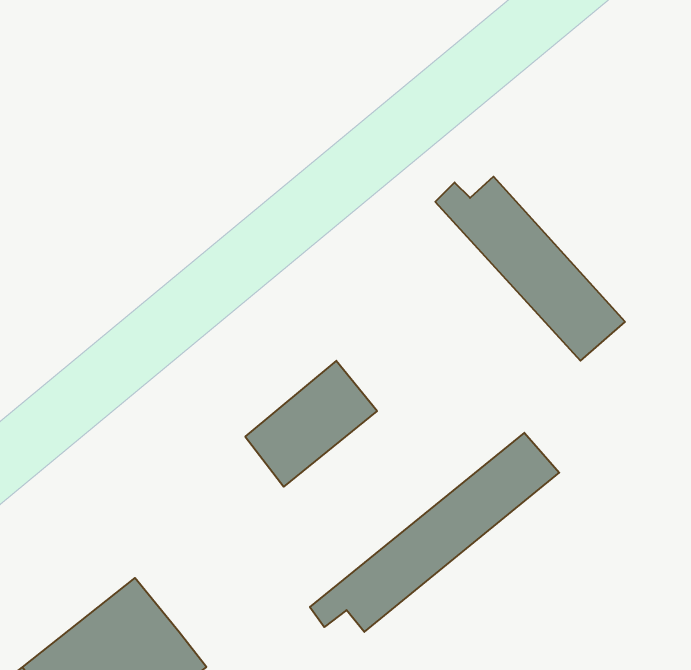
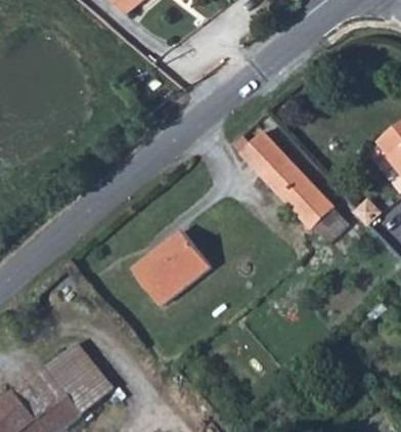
building: [310,433,559,632] -> none

